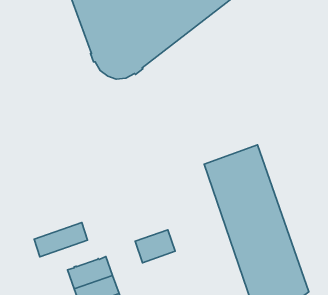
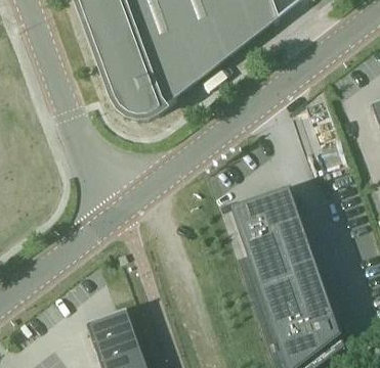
building: [34,223,88,257] -> none
building: [135,230,175,263] -> none

